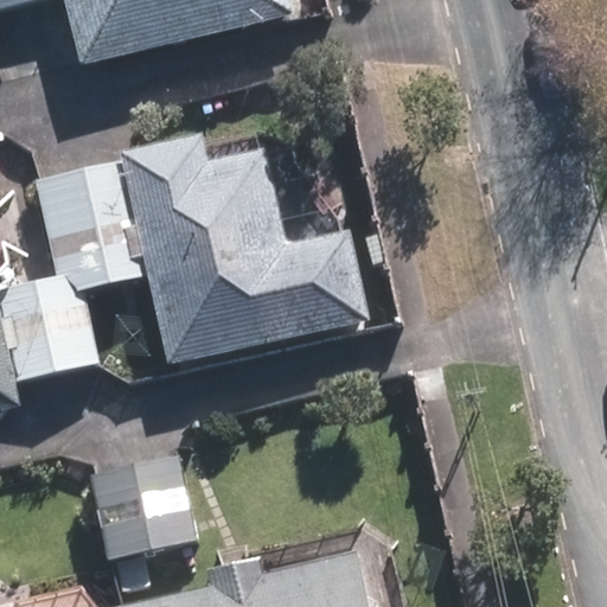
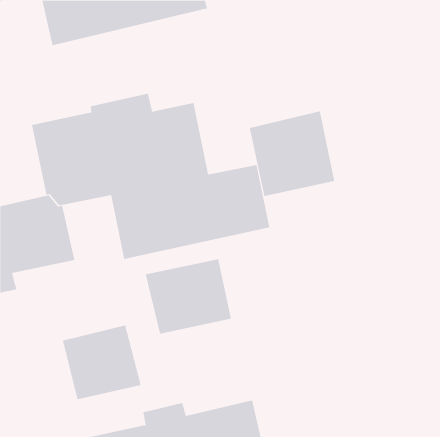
building: none -> [249,111,335,197]
building: none -> [145,259,232,335]

